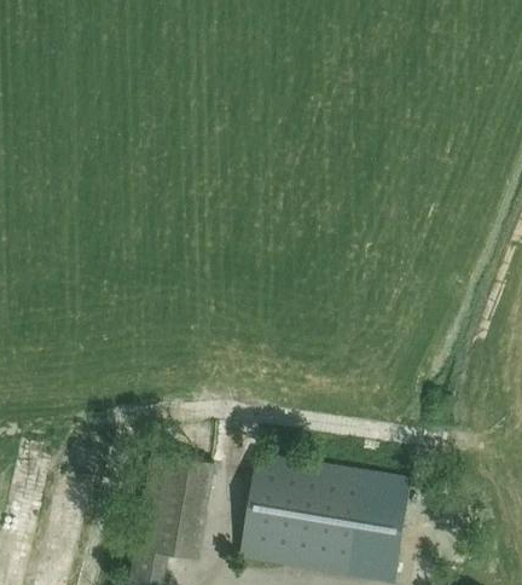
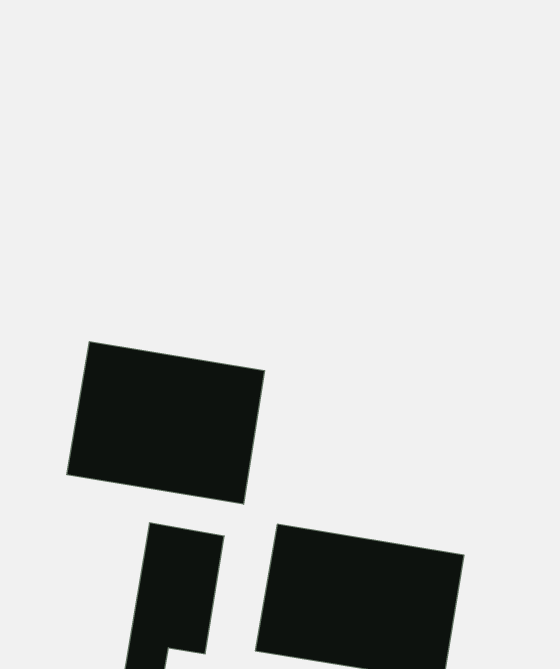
building: none -> [67,342,265,504]

